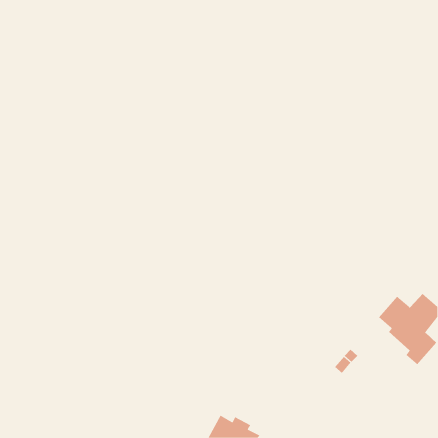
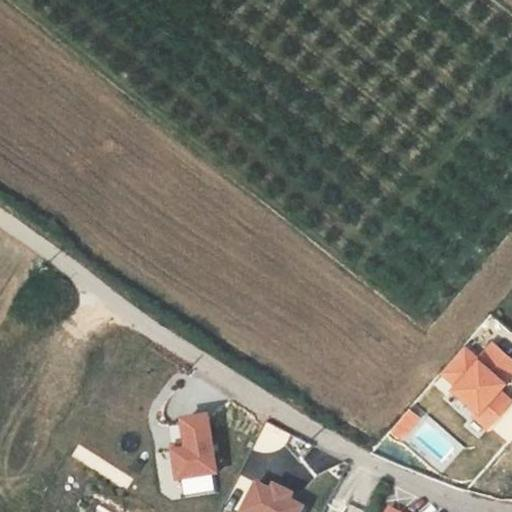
building: none -> [170,418,217,481]

